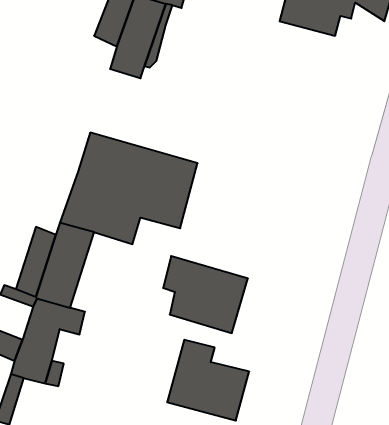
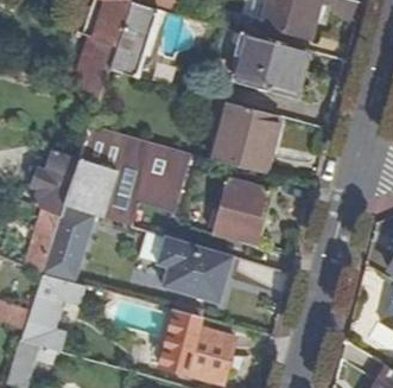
building: none -> [234,32,305,97]
building: none -> [64,38,114,103]
building: none -> [211,101,279,172]
building: none -> [33,150,80,216]
building: none -> [213,179,268,244]

